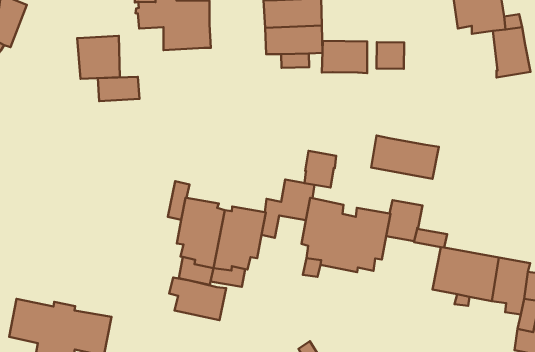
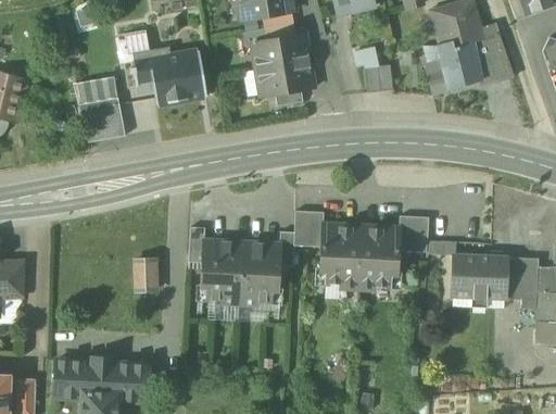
building: none -> [425,39,482,93]
building: [322,41,367,73] -> none
building: [98,77,139,101] -> [76,75,118,103]
building: [371,136,439,179] -> none
building: [305,151,336,188] -> none
building: none -> [136,259,156,290]
building: [169,278,226,320] -> none

